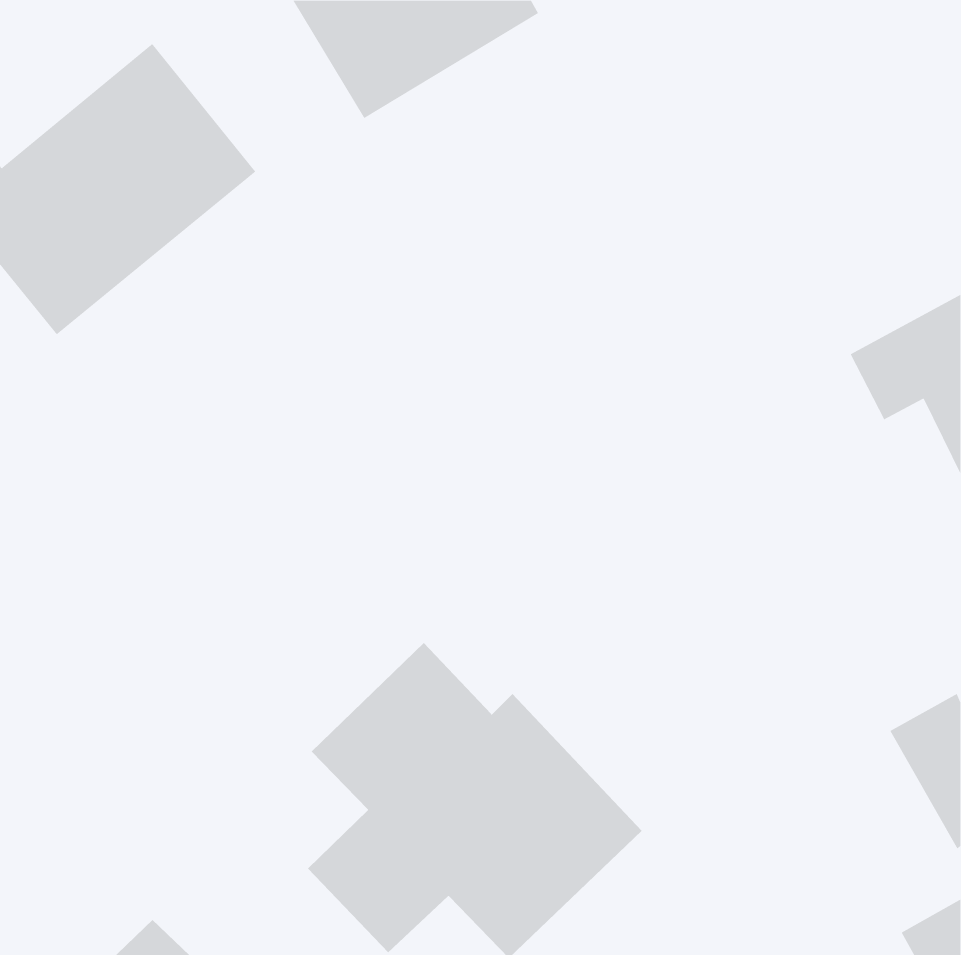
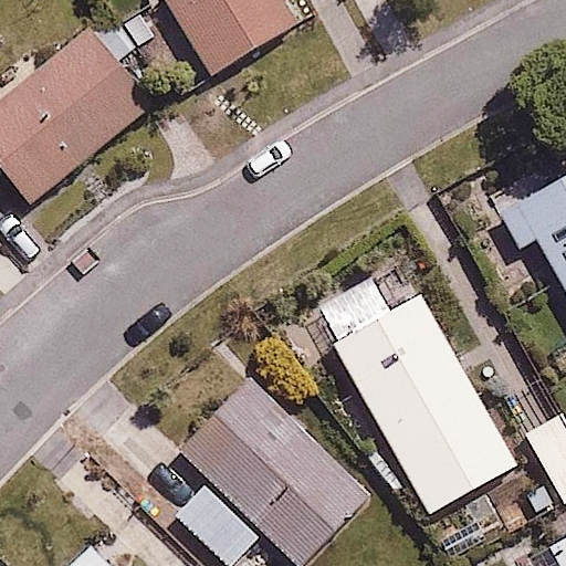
building: none -> [332,293,516,512]

